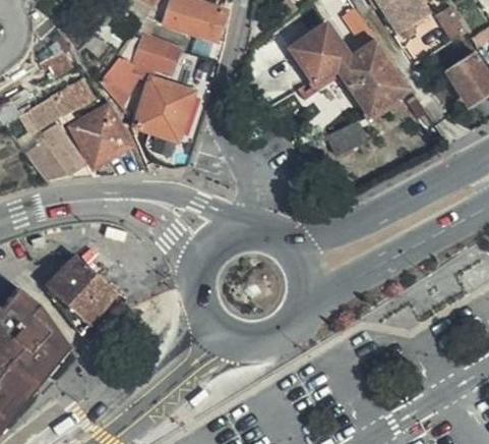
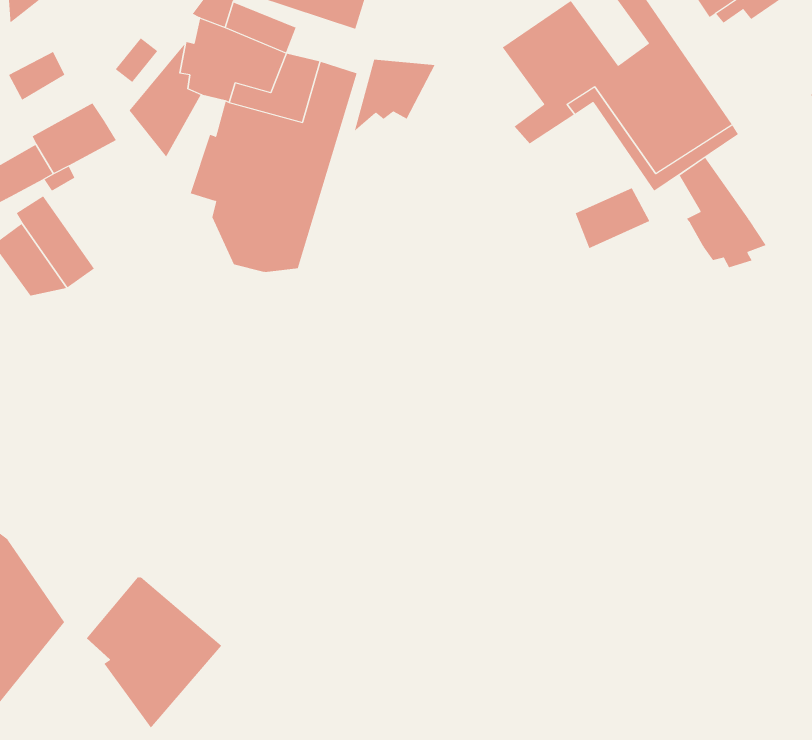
building: none -> [354,59,435,133]
building: [71,105,130,166] -> none
building: none -> [679,157,767,268]
building: [45,254,115,332] -> [86,577,222,729]

